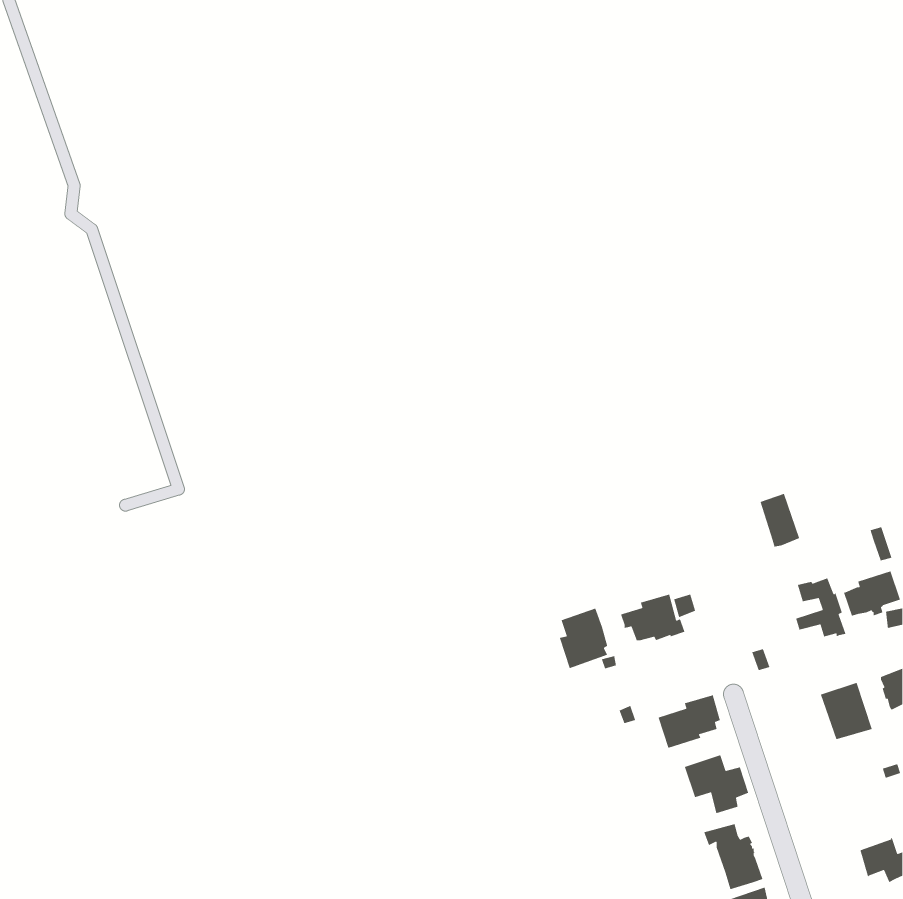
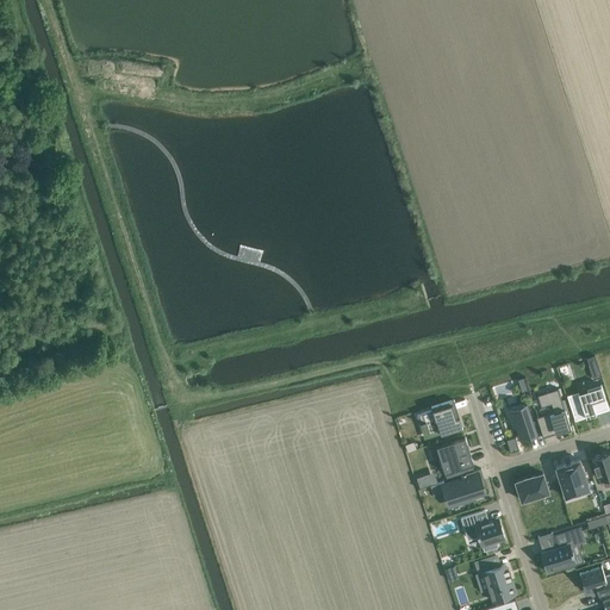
building: [760,493,800,547] -> [510,405,537,442]
building: [559,607,608,669] -> [440,438,473,480]
building: none -> [516,474,549,503]
building: none -> [543,528,586,573]

